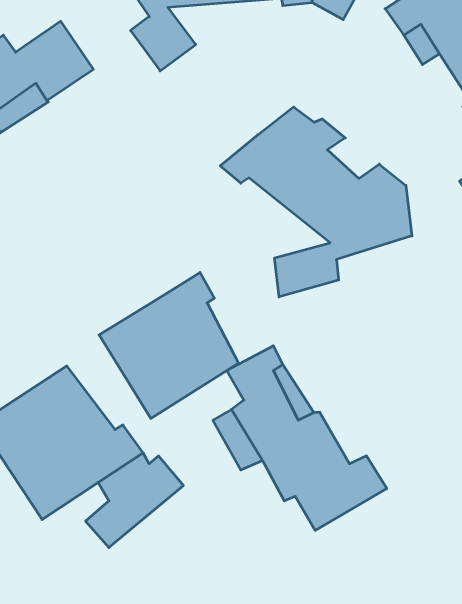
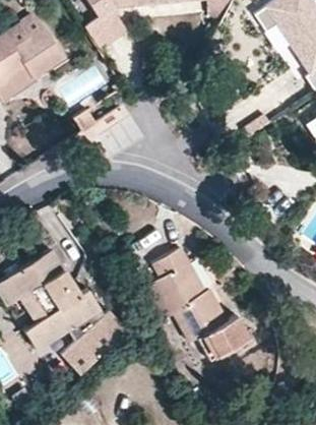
building: [220,107,412,297] -> none
building: [99,272,238,418] -> none

